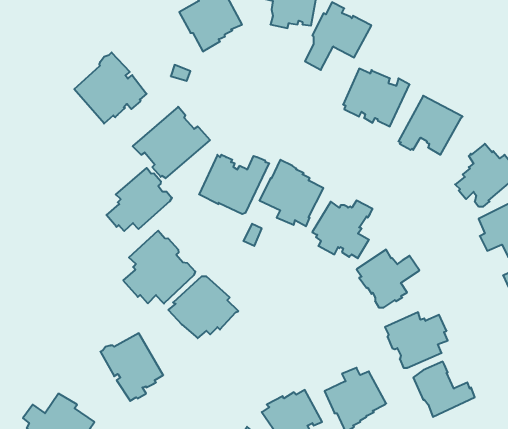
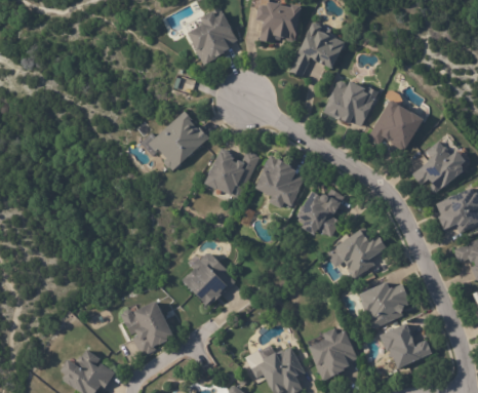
building: [74,52,147,124] -> none
building: [106,168,172,231] -> none
building: [123,231,195,304] -> none

